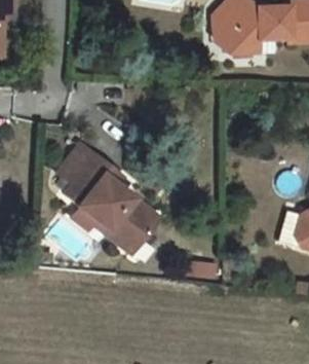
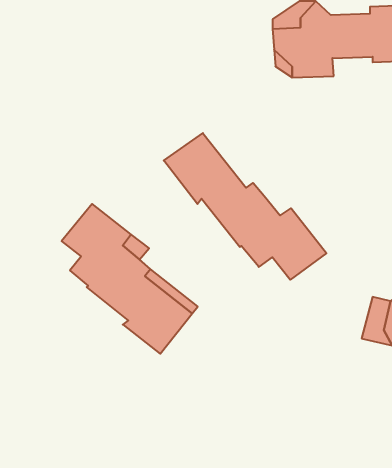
building: none -> [164,133,326,280]

